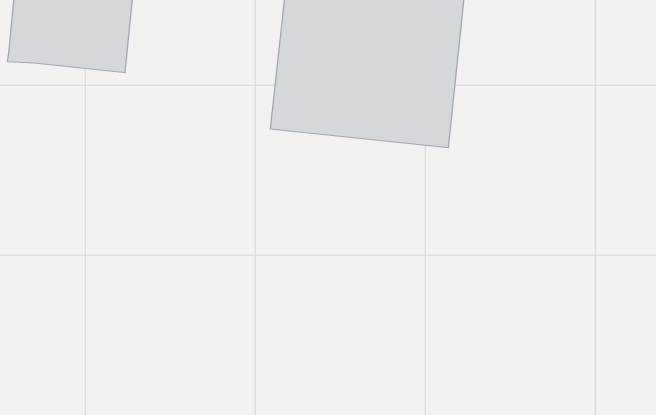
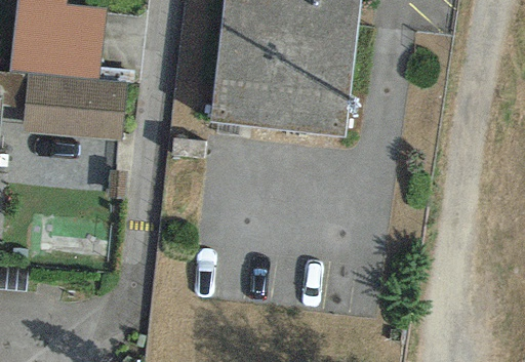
building: none -> [23,71,125,139]

